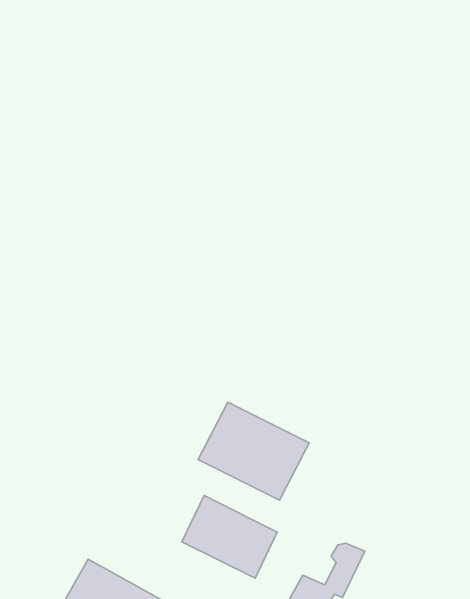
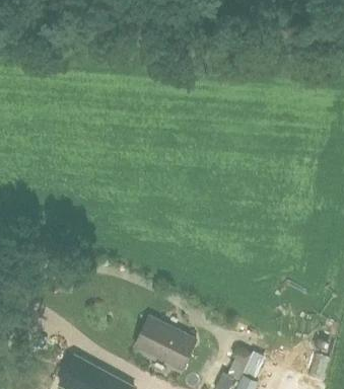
building: [198,402,309,500] -> none

